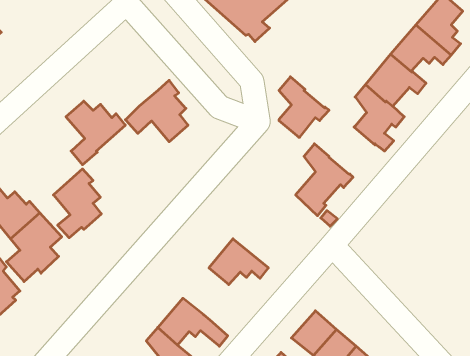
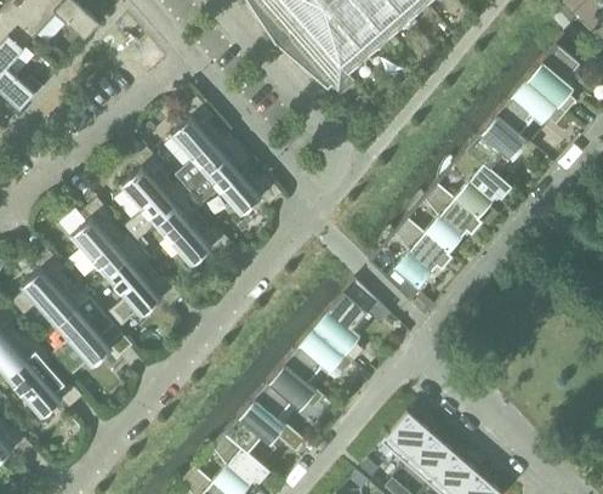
building: none -> [169,115,239,189]
building: [279,77,329,137] -> [425,182,483,252]
building: none -> [154,195,210,266]
building: none -> [69,218,138,277]
building: none -> [313,278,379,362]
building: none -> [255,362,325,422]

